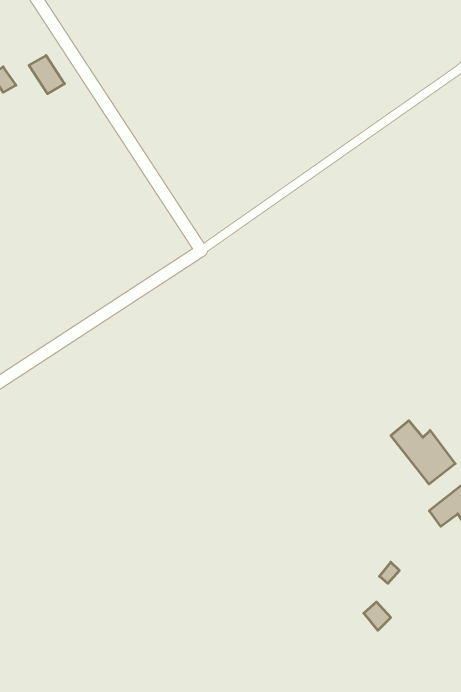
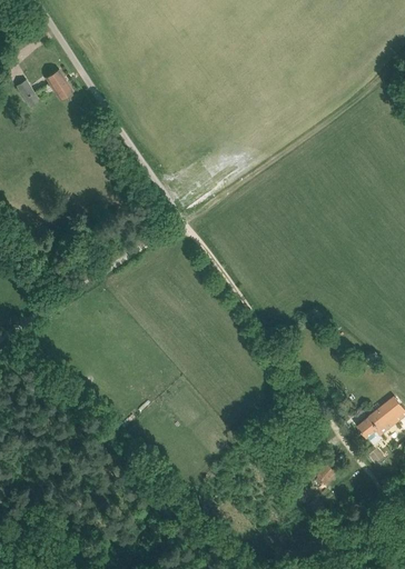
building: [391,421,455,484] -> none

